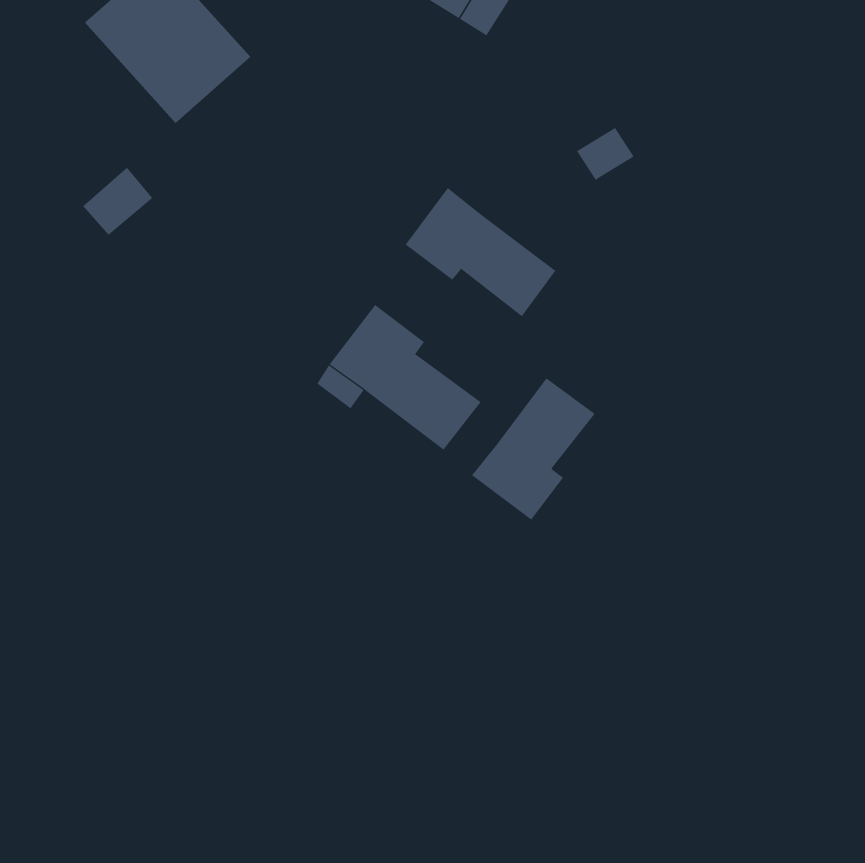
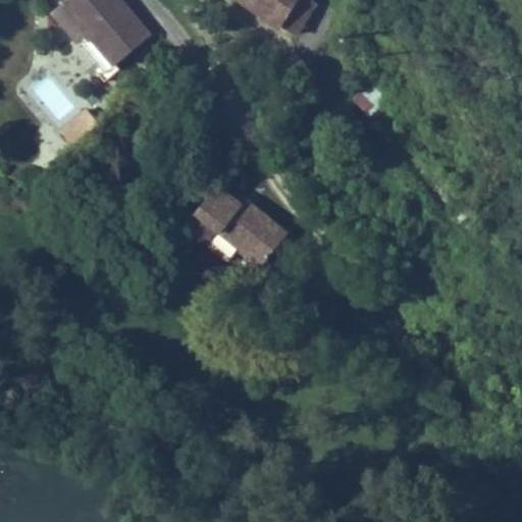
building: [405,187,556,317] -> none
building: [471,378,595,520] -> none

